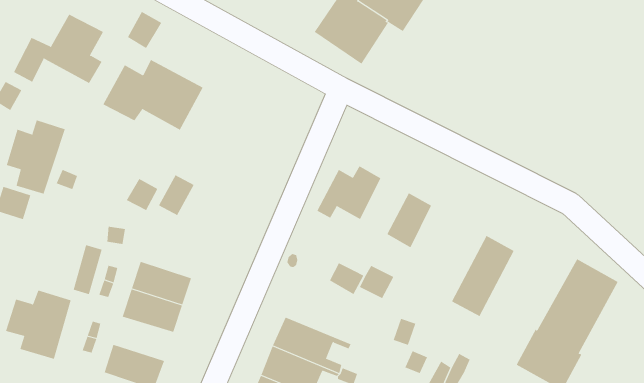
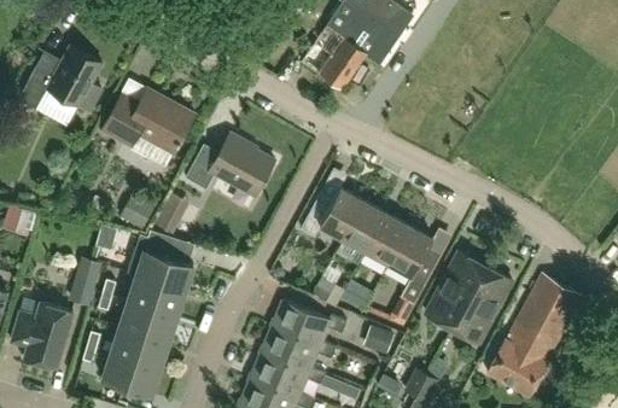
building: none -> [185,133,275,197]
building: [6,119,66,195] -> none
building: none -> [342,199,386,251]
building: none -> [389,225,441,326]
building: none -> [135,231,193,292]
building: none -> [453,267,512,343]
building: none -> [272,301,346,354]
building: none -> [111,328,168,369]

